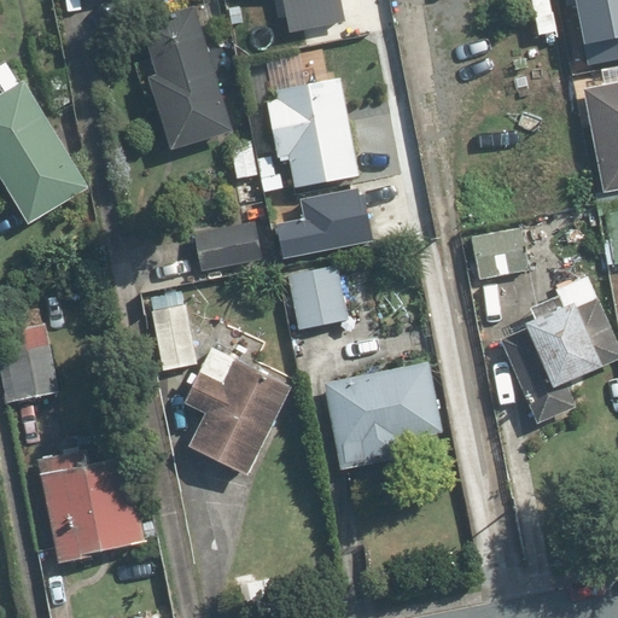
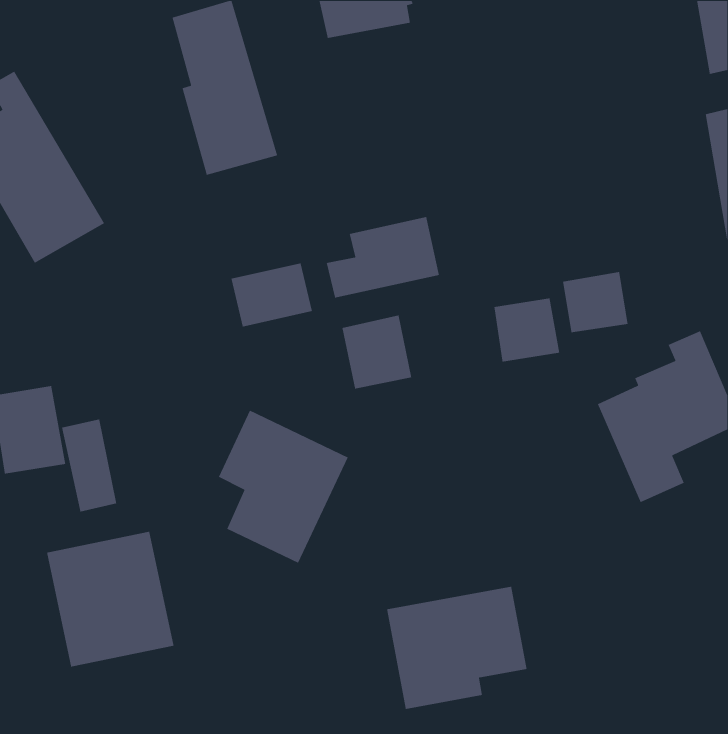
building: [264,78,357,186] -> none
building: none -> [493,298,560,362]
building: [146,292,193,371] -> [61,419,117,512]
building: [326,363,444,467] -> [386,586,528,710]

